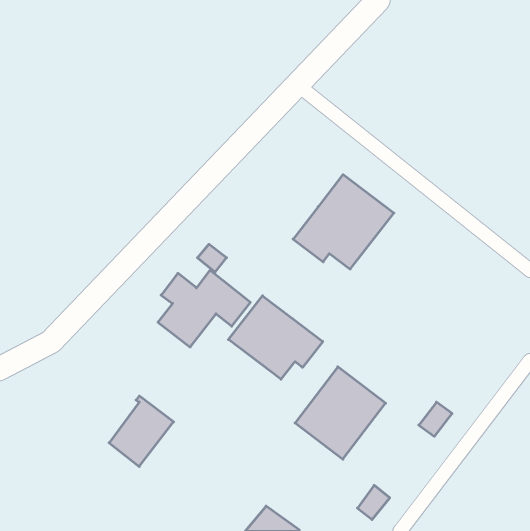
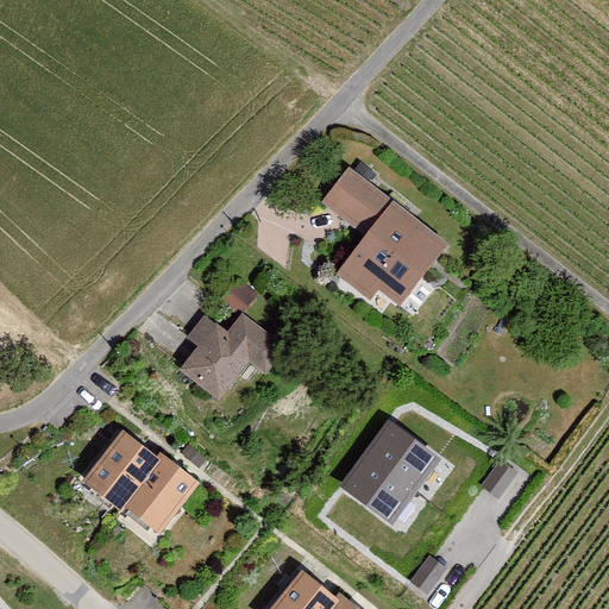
building: none -> [320,167,393,237]
building: [228,296,323,379] -> none
building: none -> [82,431,159,510]

